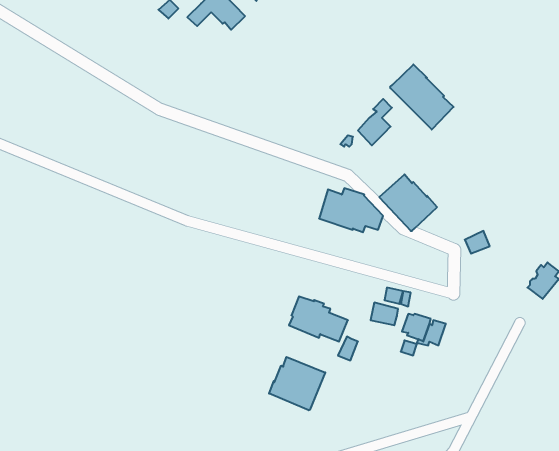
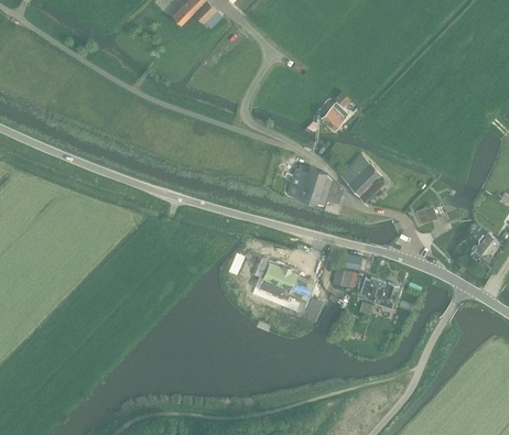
building: [390,64,454,130] -> none
building: [269,357,325,410] -> none

